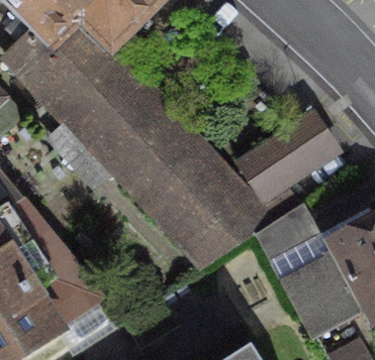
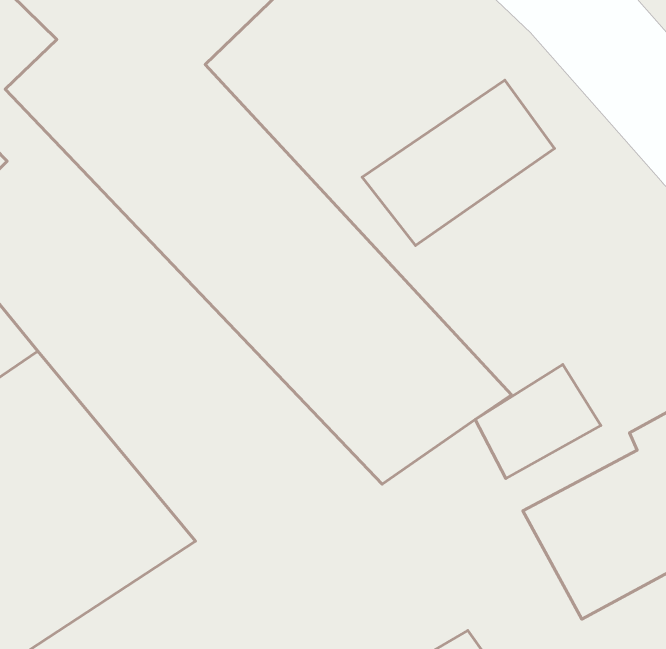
building: [236,112,338,200] -> [362,80,554,245]

